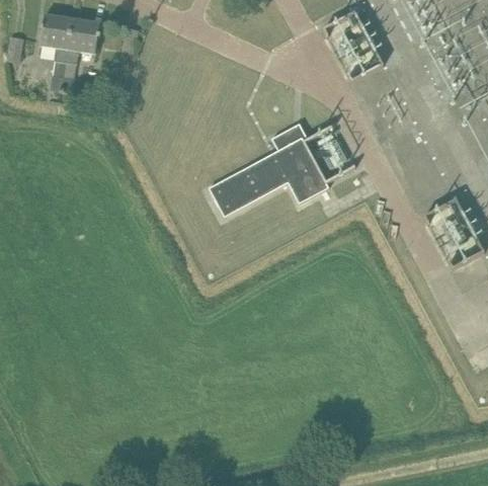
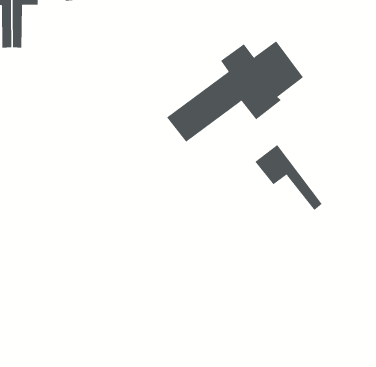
building: none -> [254,144,322,211]

